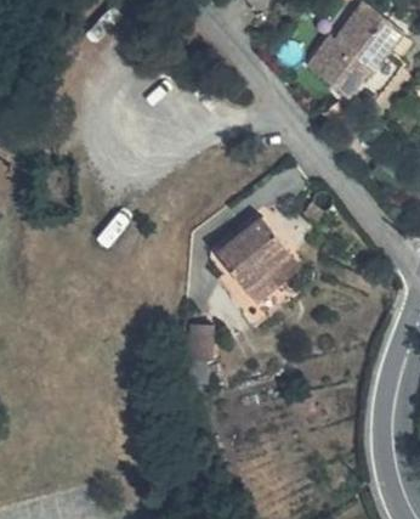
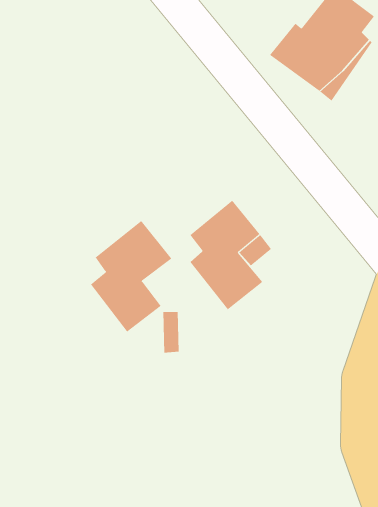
building: none -> [90,220,172,332]

